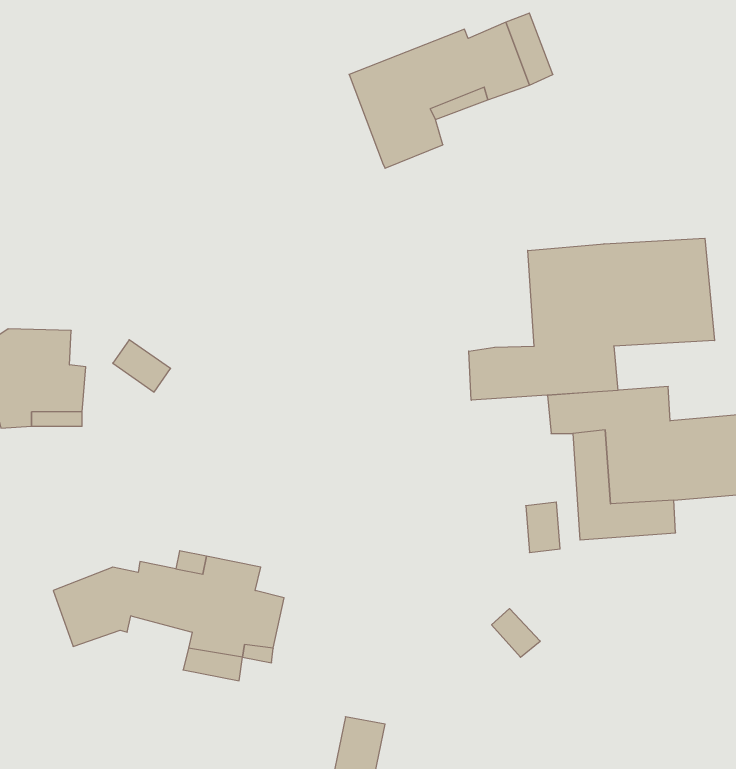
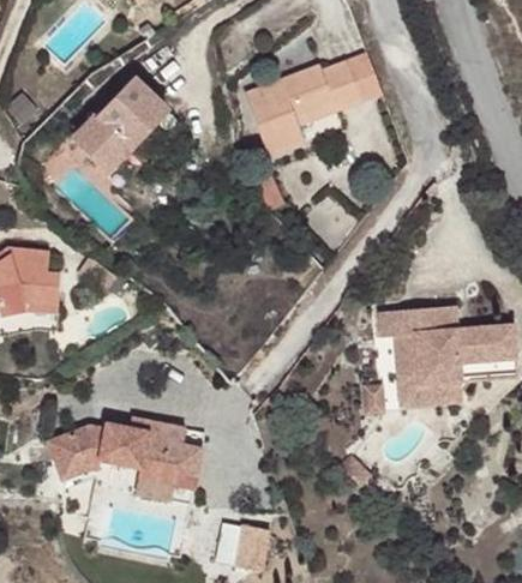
building: none -> [70,80,166,176]
building: [469,238,715,400] -> none

